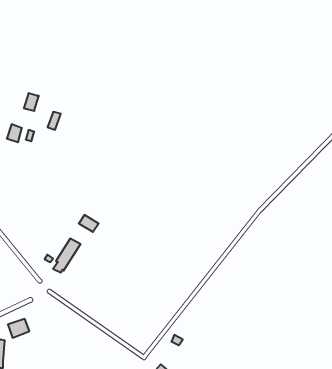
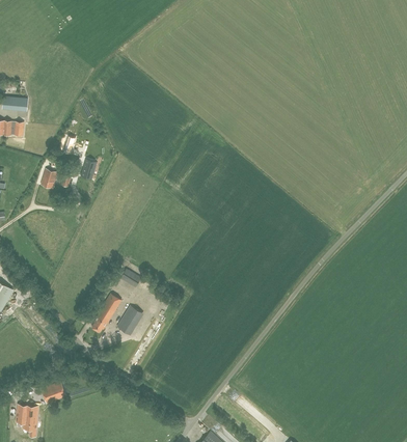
building: none -> [115,306,142,335]

